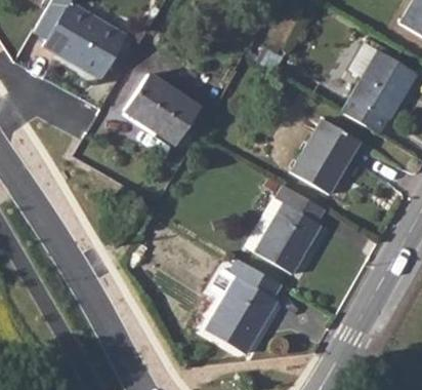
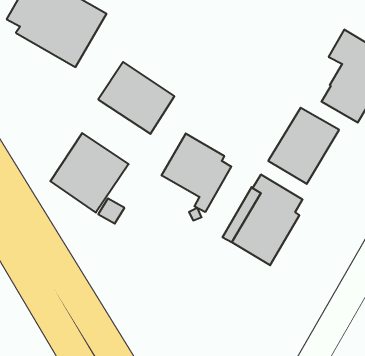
building: none -> [50,133,129,213]
building: none -> [162,133,231,212]
building: [206,259,282,353] -> none

